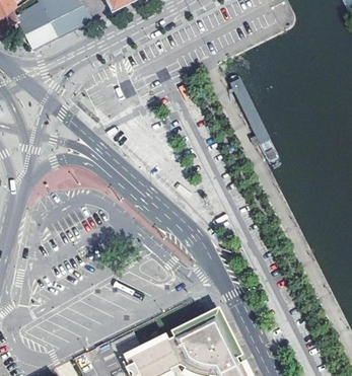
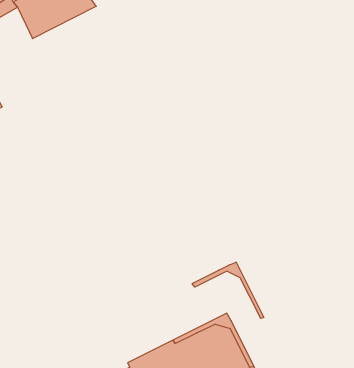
building: none -> [192,262,264,318]

